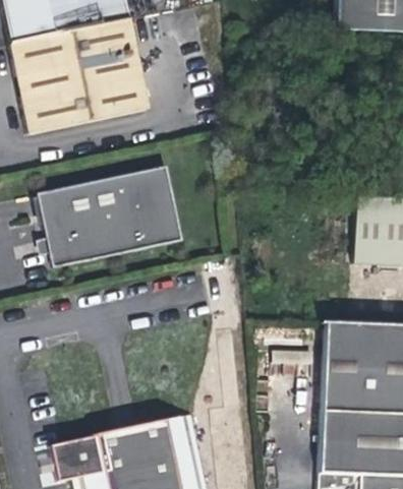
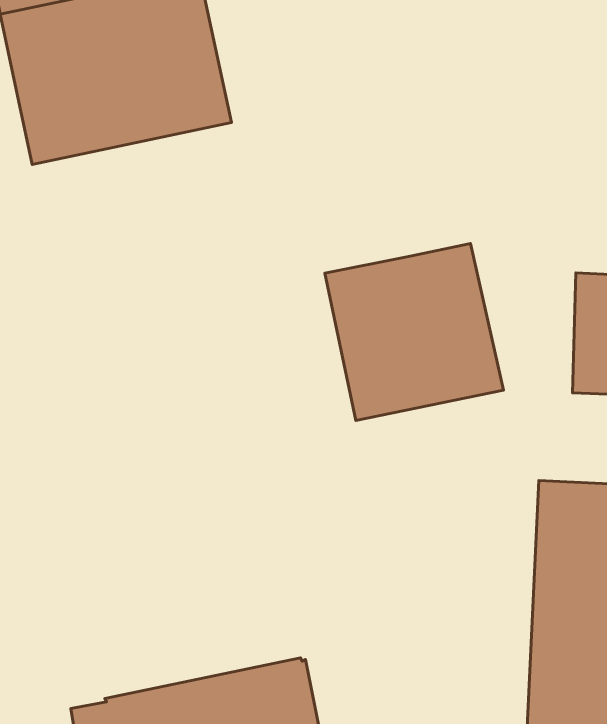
building: [36,164,181,265] -> none
building: none -> [325,243,504,420]

